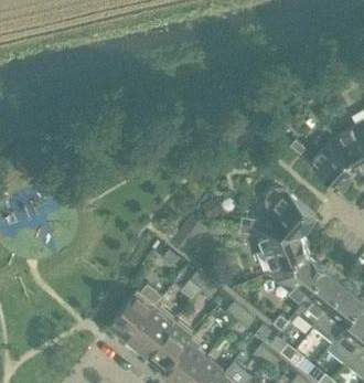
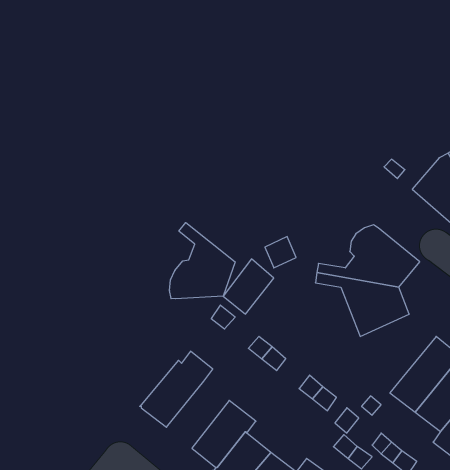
building: none -> [170,223,235,299]
building: [272,255,329,302] -> none
building: [129,305,175,354] -> none

